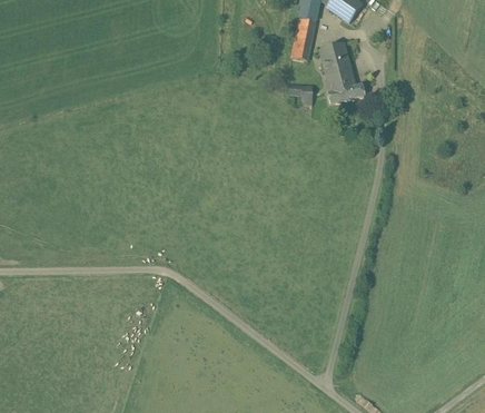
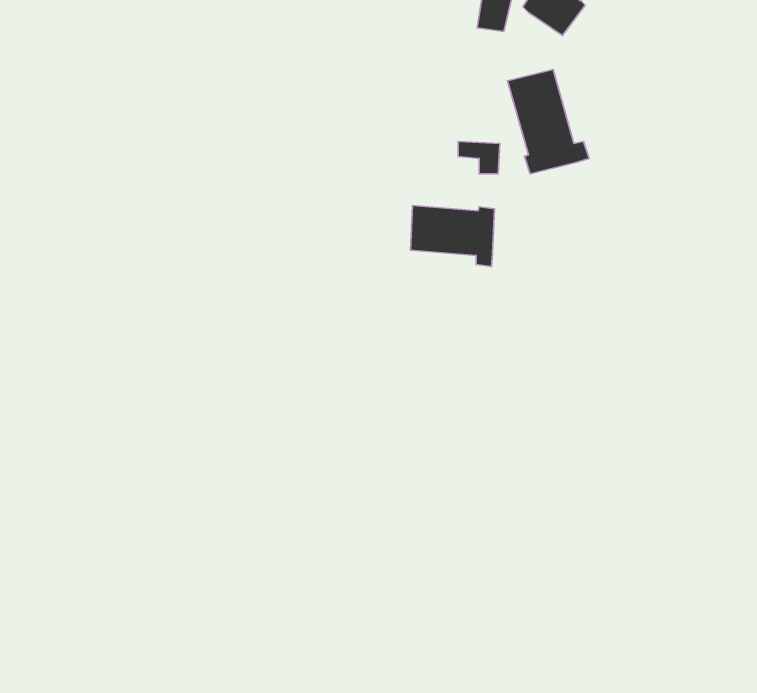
building: [291,17,315,59] -> none
building: none -> [411,206,494,267]

